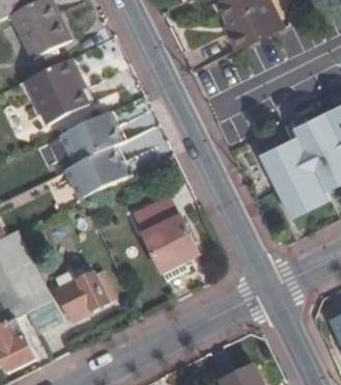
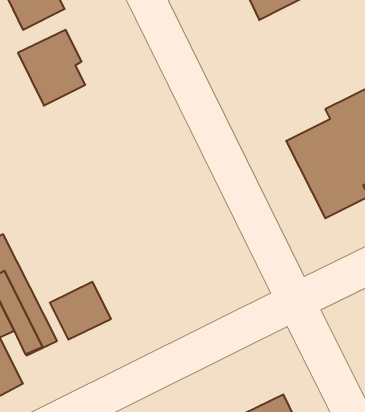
building: [61,113,125,199] -> none
building: [133,197,196,271] -> none

